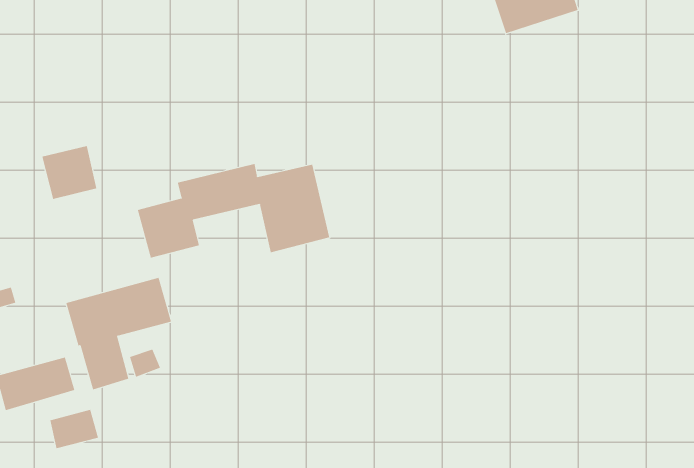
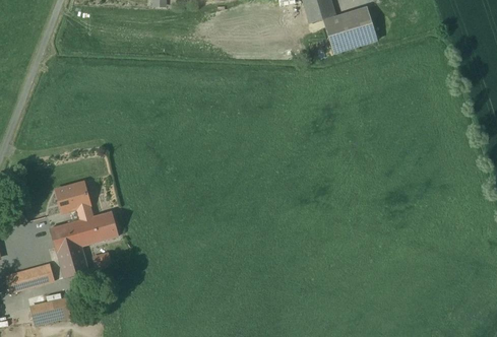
building: [41,145,97,200] -> [54,179,89,213]
building: [137,163,330,259] -> none

